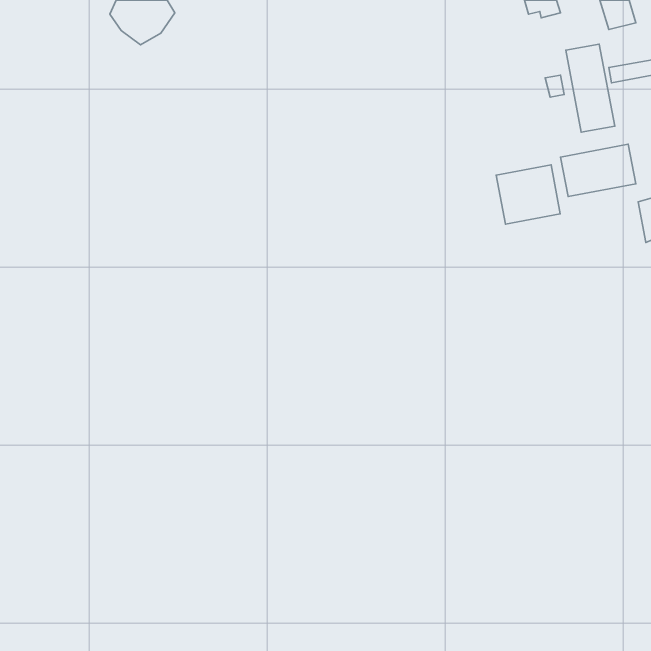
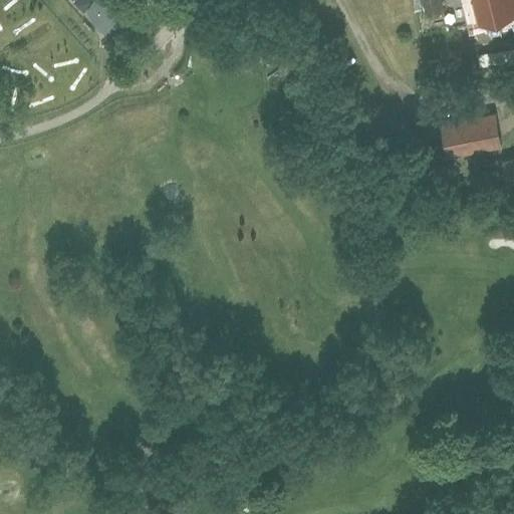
building: [566,44,615,132] -> none
building: [496,165,560,224] -> none

